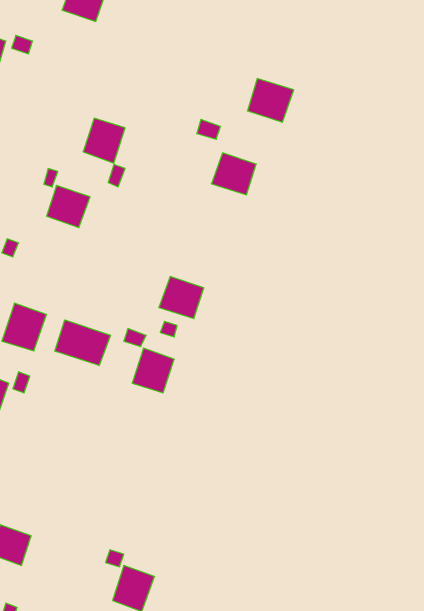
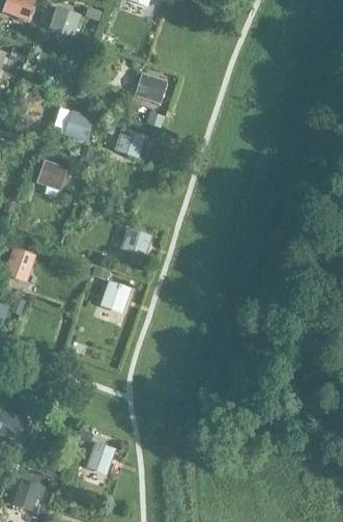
building: [247,79,294,122] -> [134,72,168,104]
building: [211,153,256,195] -> [113,127,146,158]
building: [55,320,110,366] -> none

